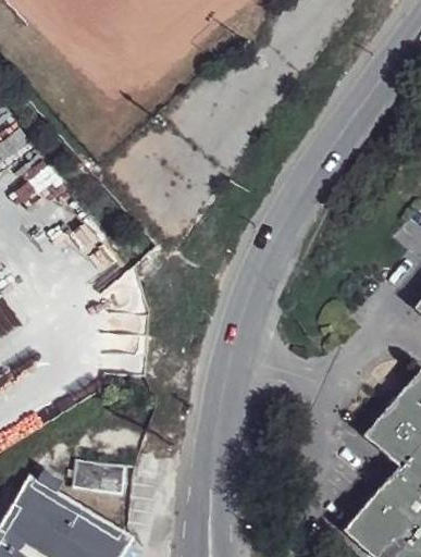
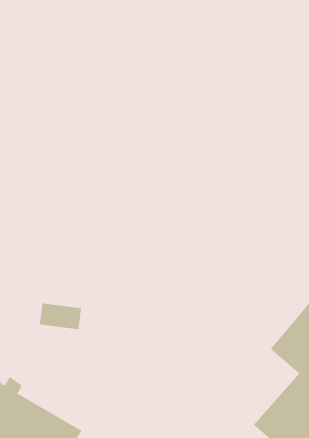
building: [71,462,124,496] -> [39,303,82,330]

